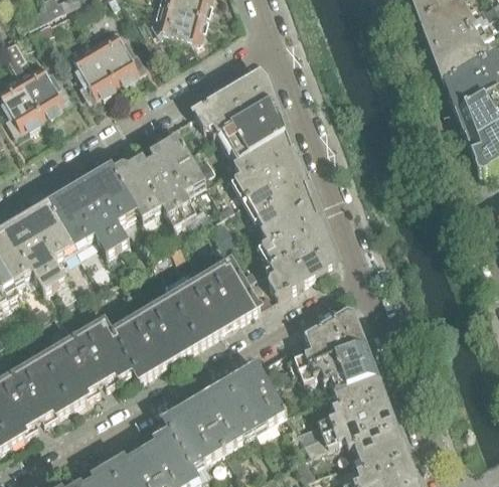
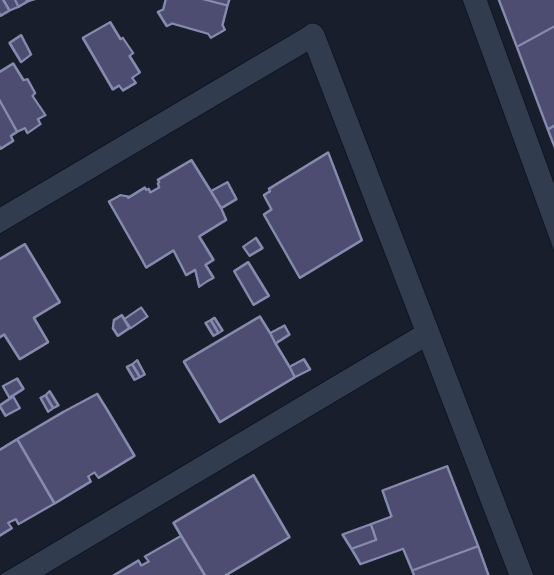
building: [70,39,116,93] -> none
building: [193,70,284,157] -> none
building: [47,163,137,252] -> none
building: [260,197,334,294] -> none
building: [111,292,199,375] -> none
building: [285,309,376,392] -> none
building: [225,361,285,429] -> none

